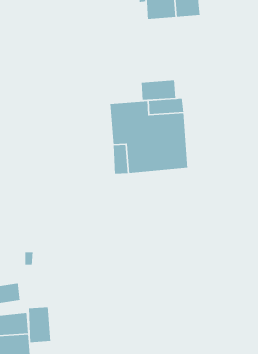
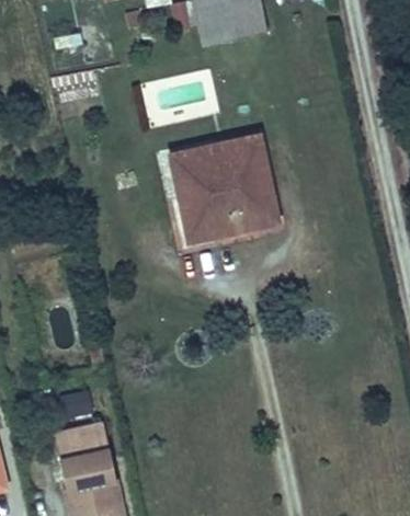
building: [141,79,176,100] -> none
building: [28,307,51,343] -> none

